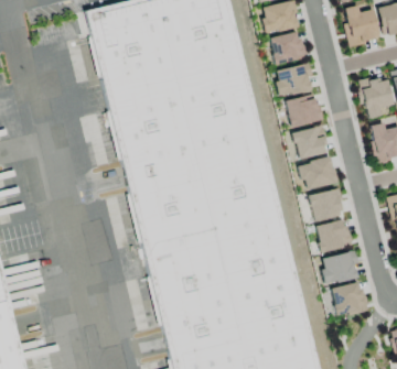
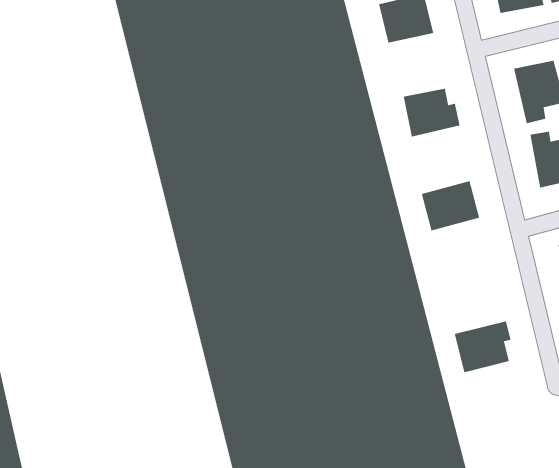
building: [275,63,313,98] -> none
building: [293,127,329,159] -> none
building: [310,189,344,220] -> none
building: [315,220,352,252] -> none
building: [332,283,366,316] -> none

